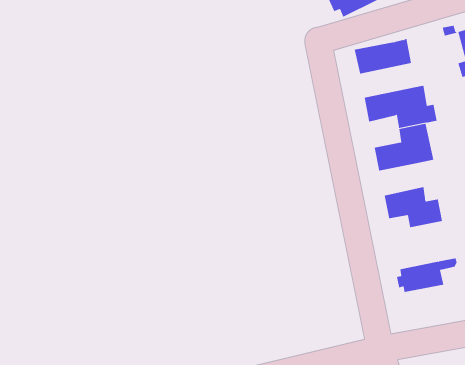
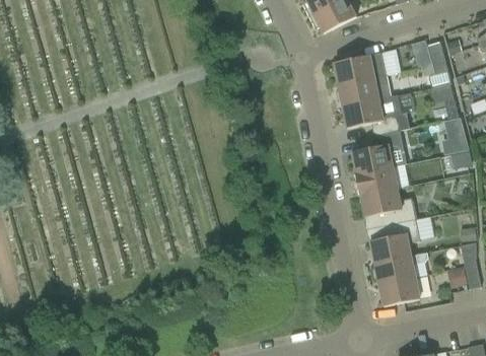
building: none -> [336,74,392,105]
building: none -> [353,165,398,196]
building: none -> [370,218,420,262]
building: none -> [379,276,420,305]

